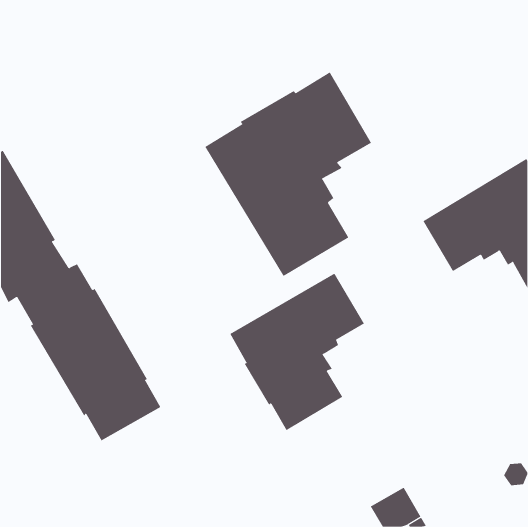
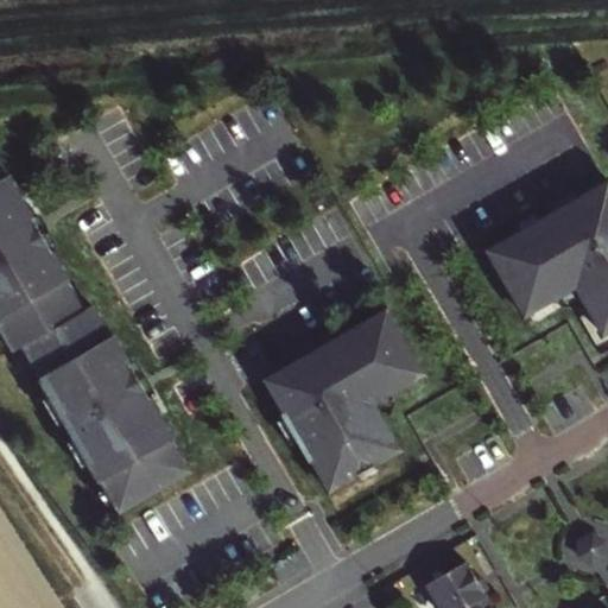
building: [205,72,372,277] -> none

